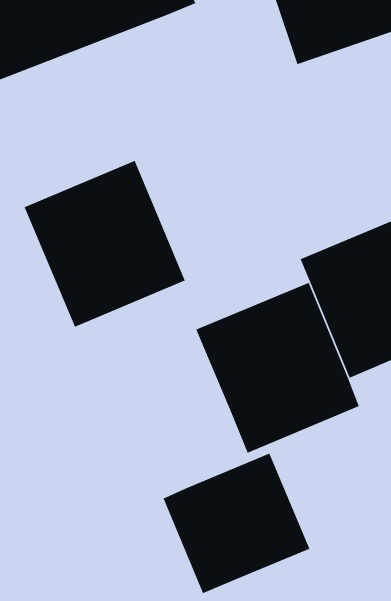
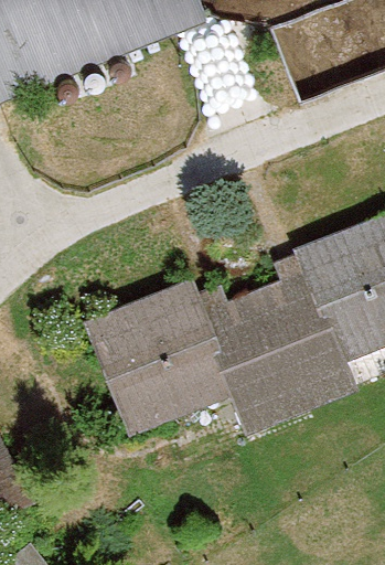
building: [24,160,186,328] -> [86,279,234,433]
building: [163,452,310,594] -> none

